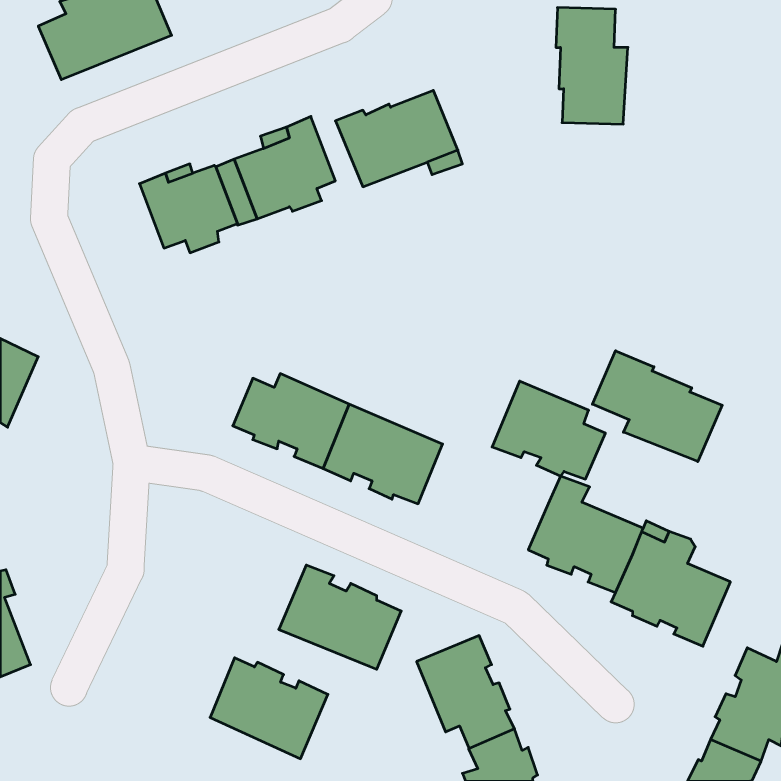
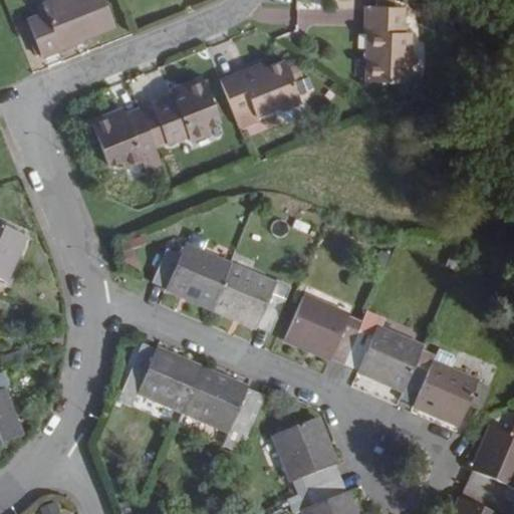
building: [592,351,722,462] -> none
building: [492,381,605,479] -> [286,296,360,360]
building: [210,658,328,759] -> [124,346,202,413]

